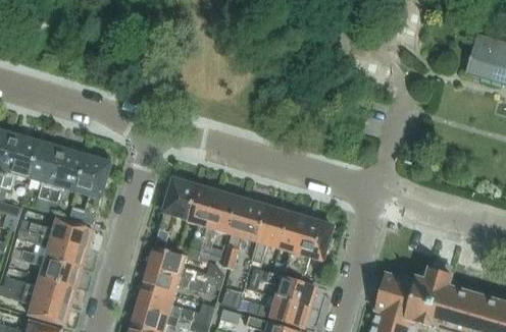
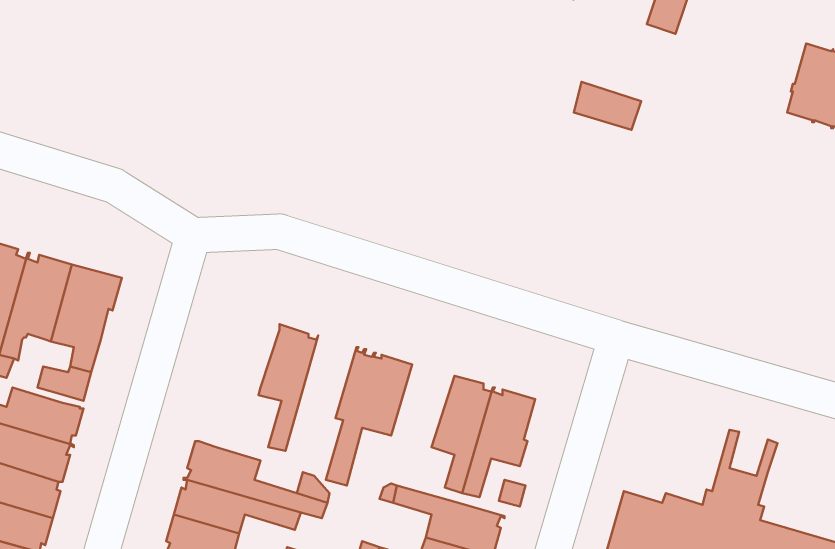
building: [154,179,197,250] -> none
building: [200,190,238,255] -> none
building: [251,206,290,264] -> none

